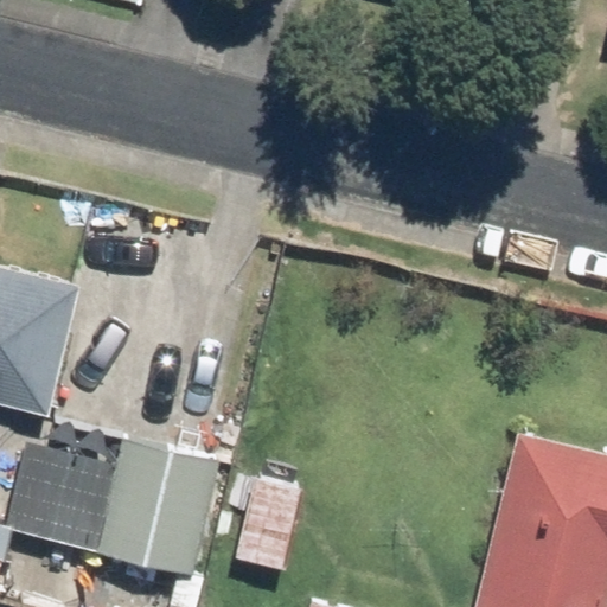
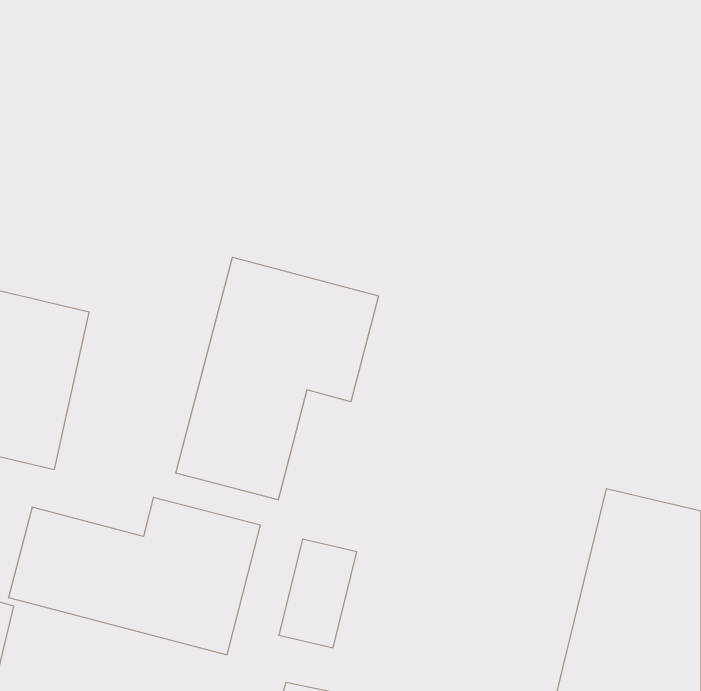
building: none -> [176,257,379,500]

